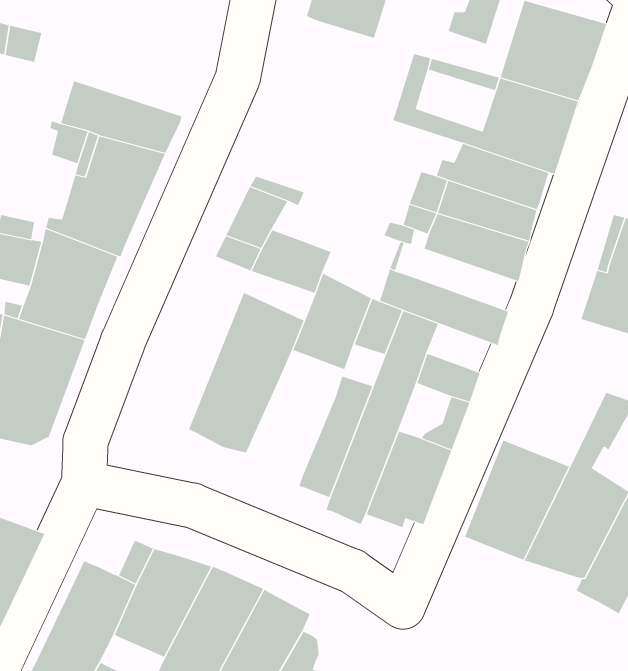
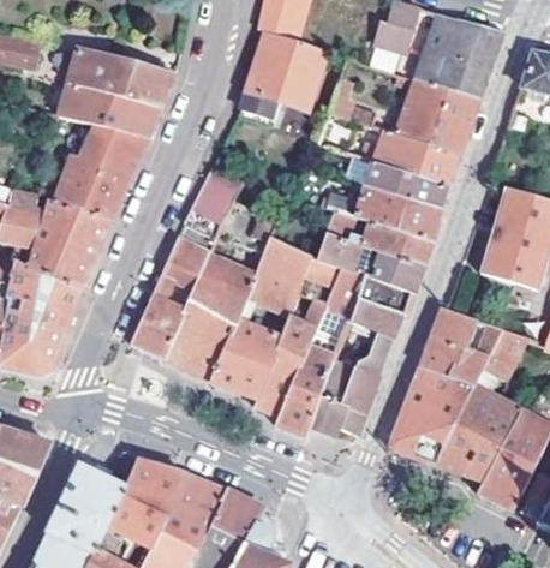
building: none -> [249,32,328,110]
building: none -> [72,50,174,109]
building: none -> [346,216,431,267]
building: none -> [132,237,209,361]
building: none -> [357,276,414,317]
building: none -> [418,309,501,391]
building: none -> [211,319,282,400]

